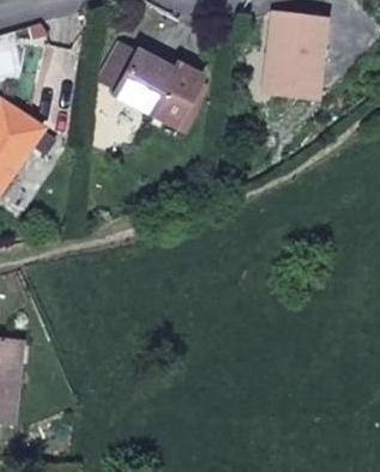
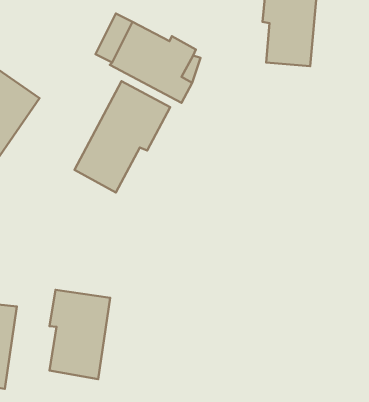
building: none -> [74,81,170,193]
building: none -> [50,290,110,379]

